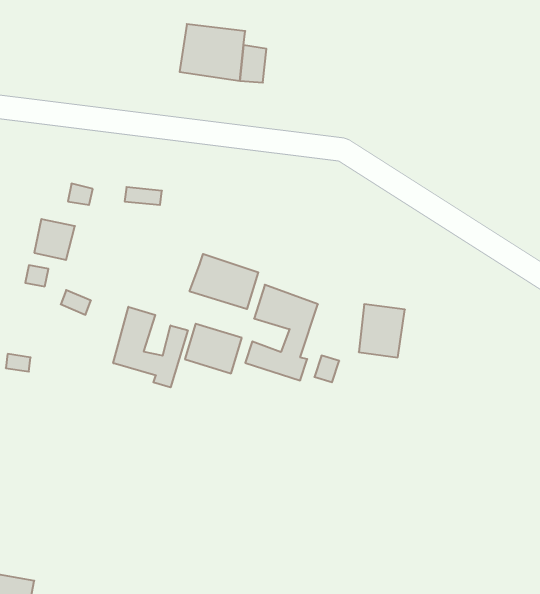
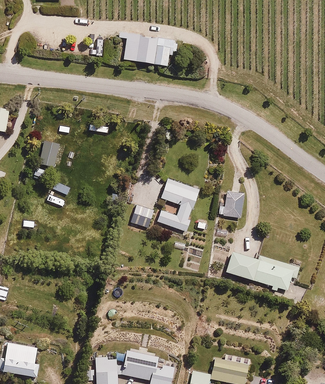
building: [190,254,258,309] -> none
building: [113,307,188,387] -> none
building: none -> [227,252,299,291]

